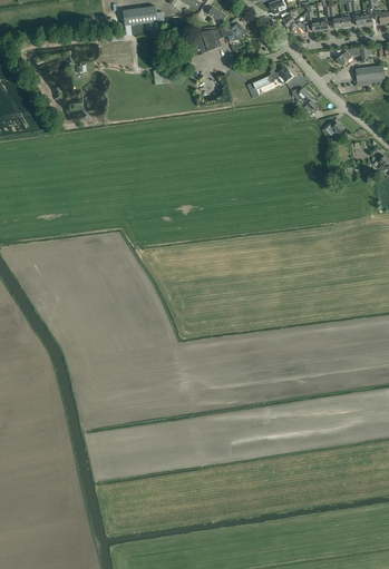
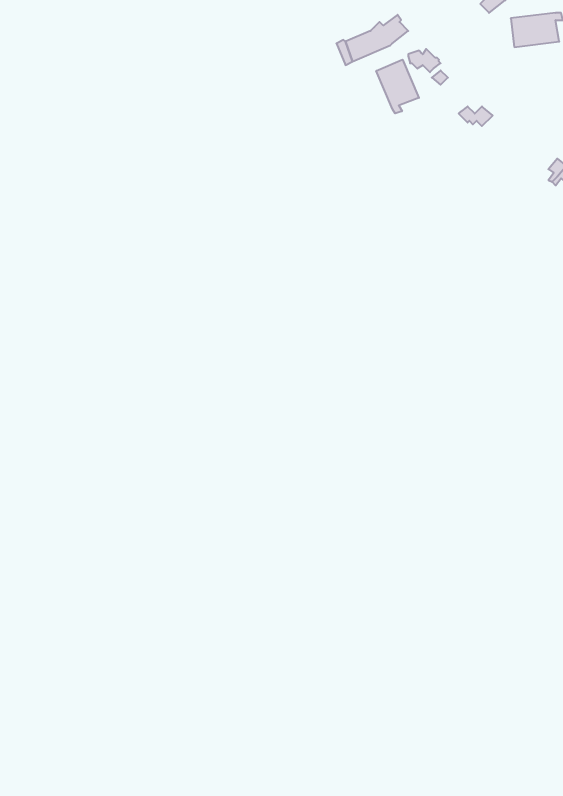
building: none -> [376,60,419,113]

